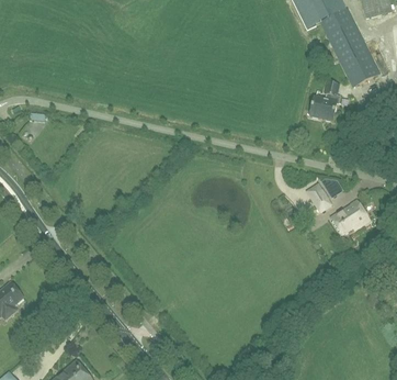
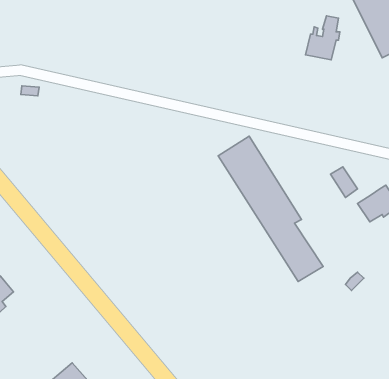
building: [309,80,340,120] -> [306,16,340,60]
building: none -> [218,136,323,281]

